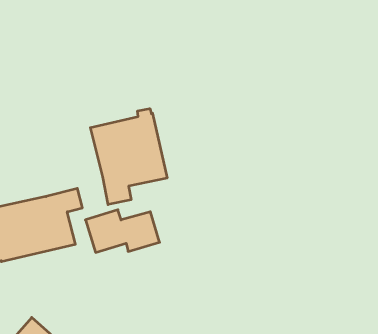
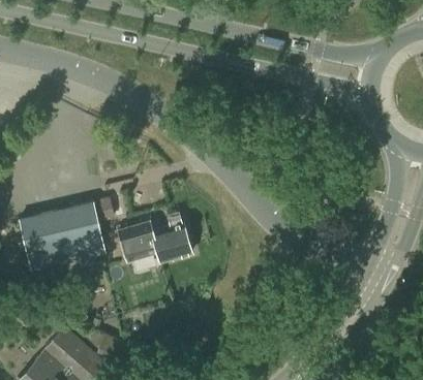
building: [90,109,167,205] -> none

